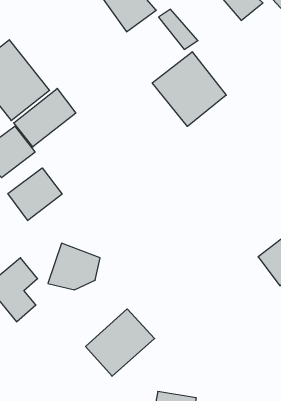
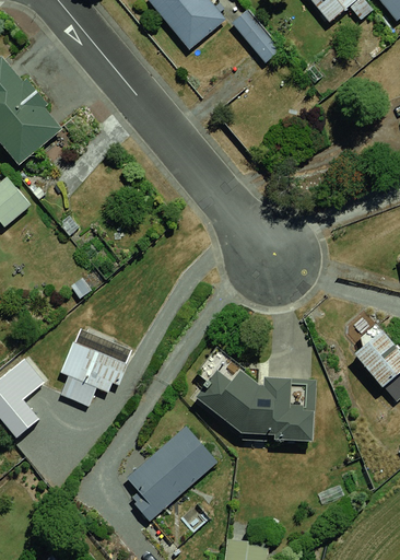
building: [152,52,226,126] -> none
building: [14,88,76,147] -> none
building: [8,168,62,221] -> none
building: none -> [185,348,309,441]

